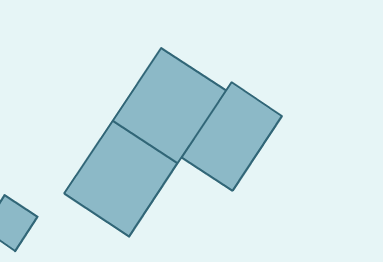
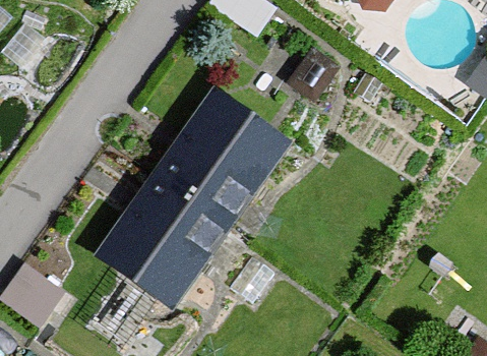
building: [181,82,282,191] -> none

